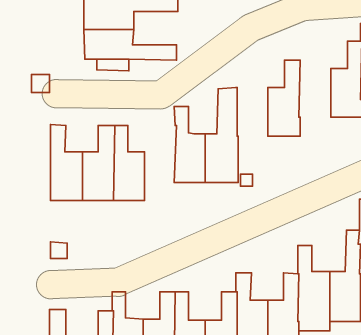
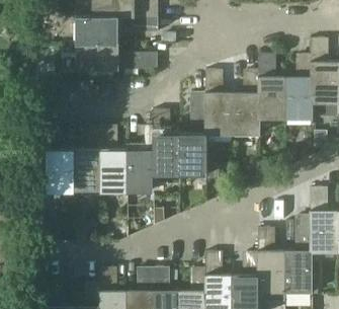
building: none -> [259,54,286,119]
building: none -> [205,70,233,135]
building: none -> [128,126,155,189]

